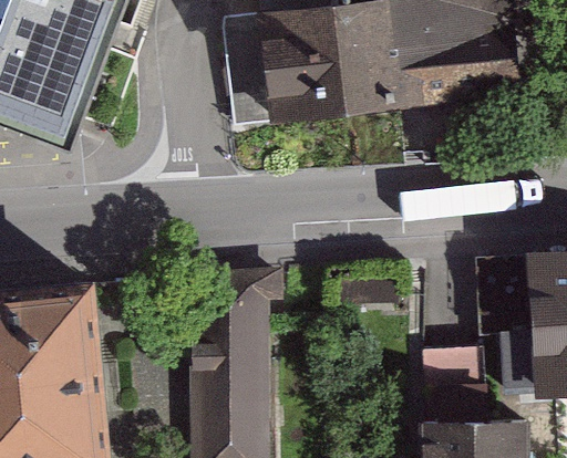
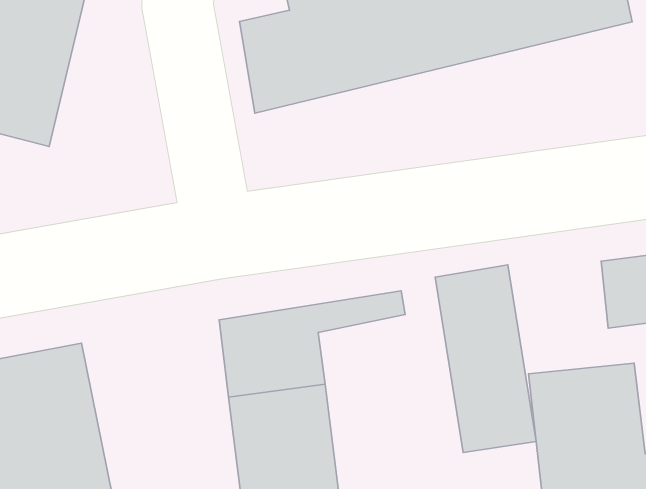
building: none -> [435,265,536,453]

